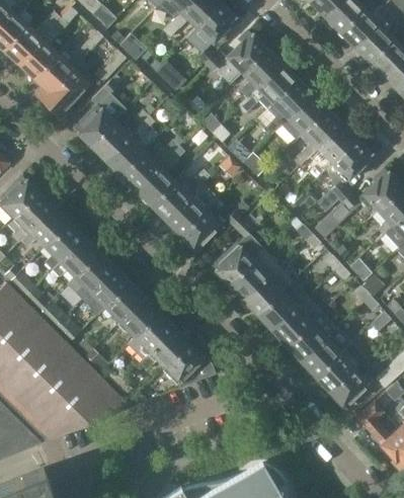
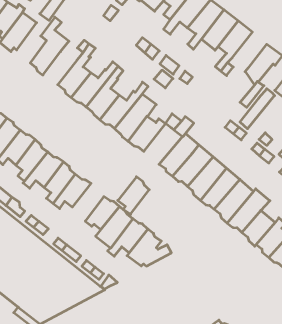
building: [88,120,131,159] -> none
building: [314,124,356,166] -> none
building: [104,280,143,324] -> [118,177,149,214]

